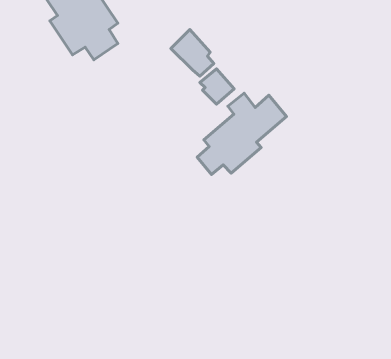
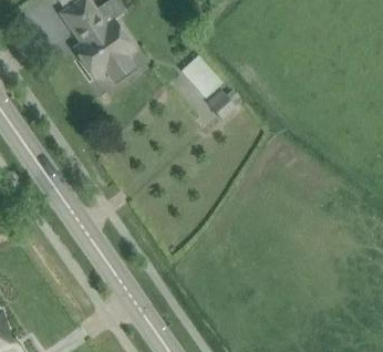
building: [197,93,286,174] -> none

